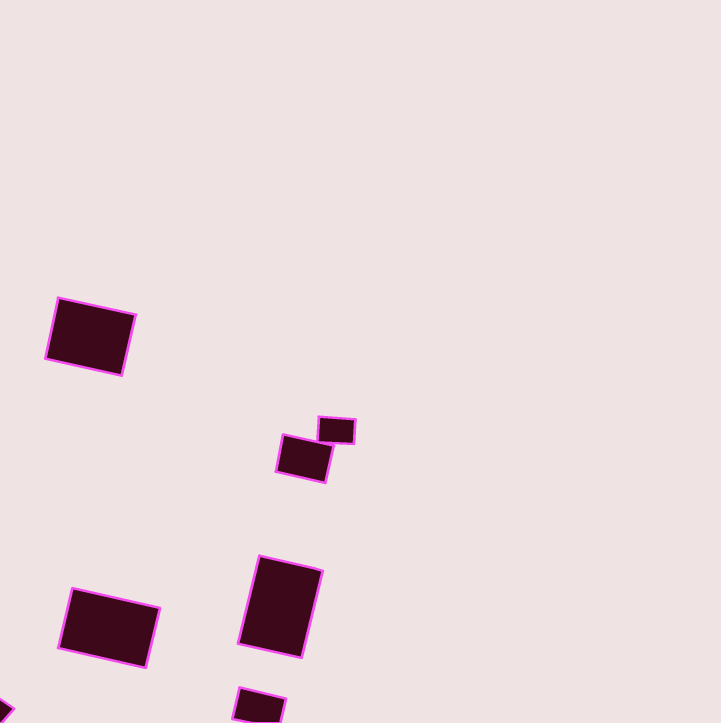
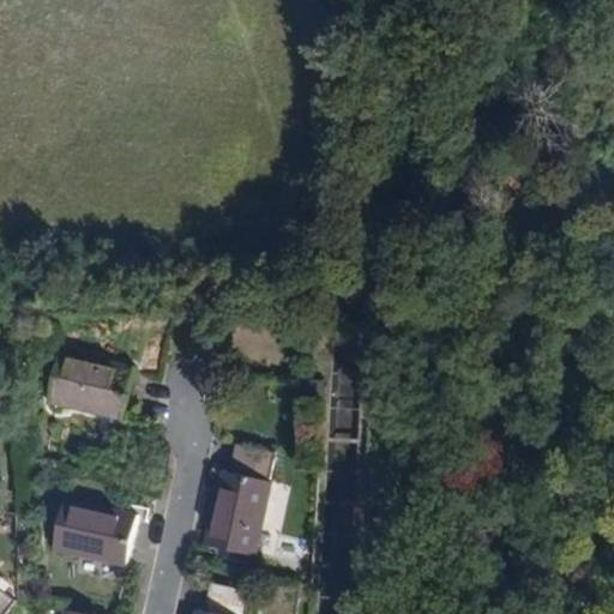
building: [45,298,136,376] -> [49,356,126,422]
building: [276,435,334,483] -> [224,440,273,481]

